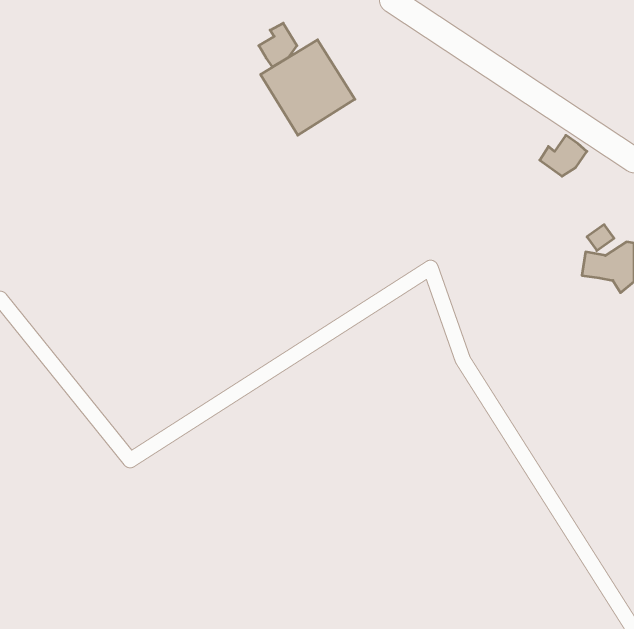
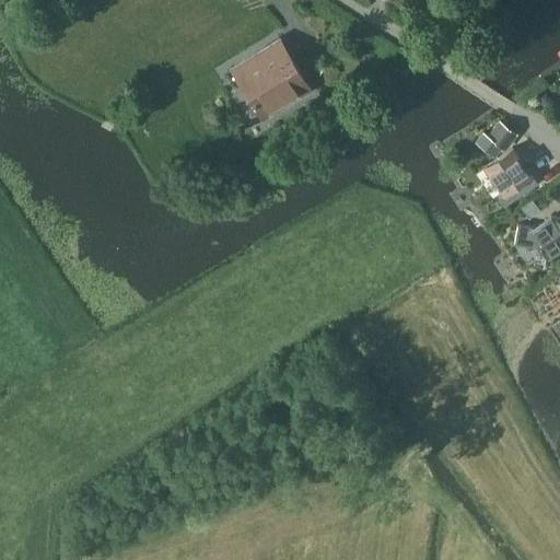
building: [259,23,297,67] -> none
building: none -> [482,149,534,207]

